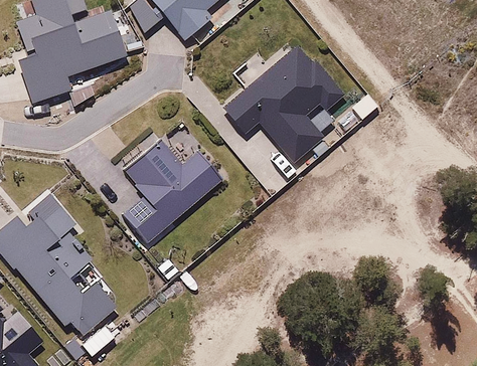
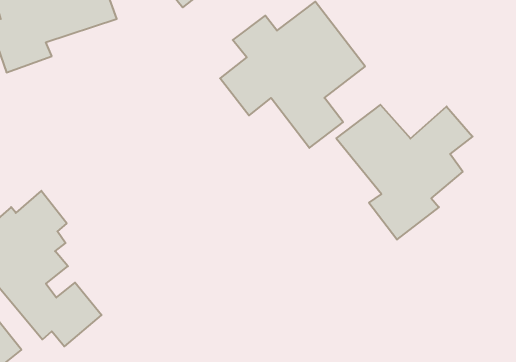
building: none -> [336,105,473,240]
building: [122,144,224,244] -> none

